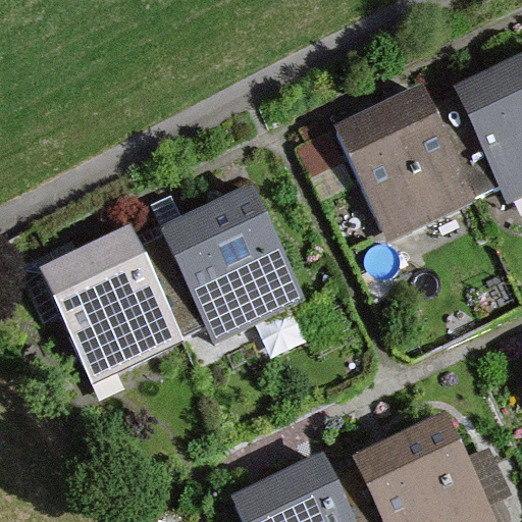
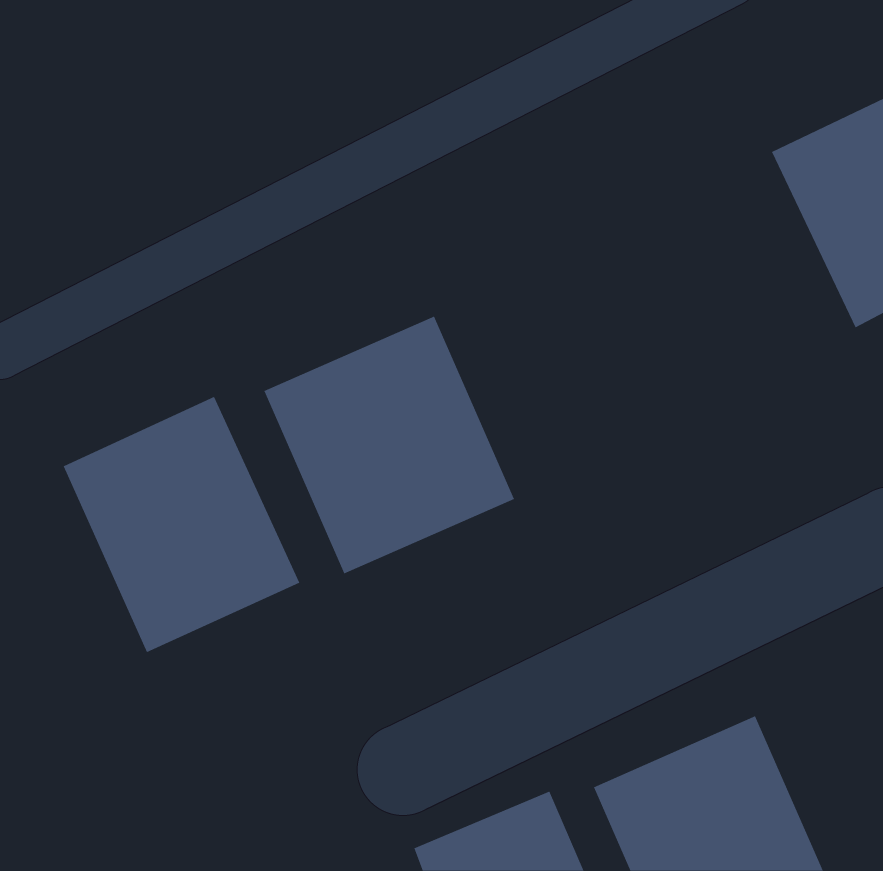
building: [335,85,480,239] -> none

